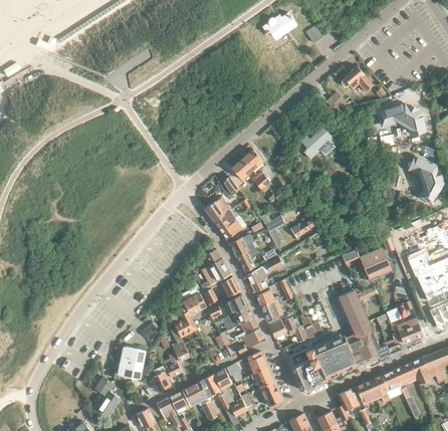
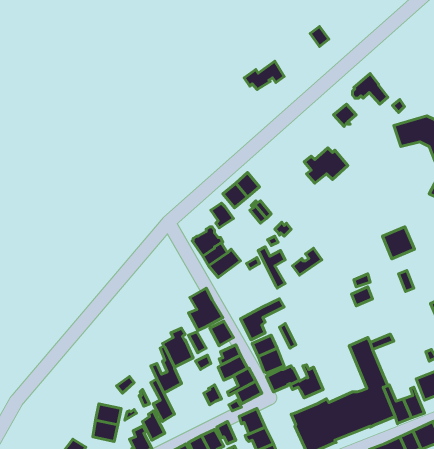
building: [262,12,296,36] -> [244,61,284,90]
building: [230,233,257,272] -> none
building: [362,249,389,276] -> [382,227,414,259]

